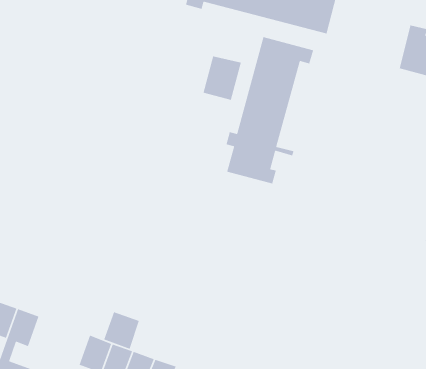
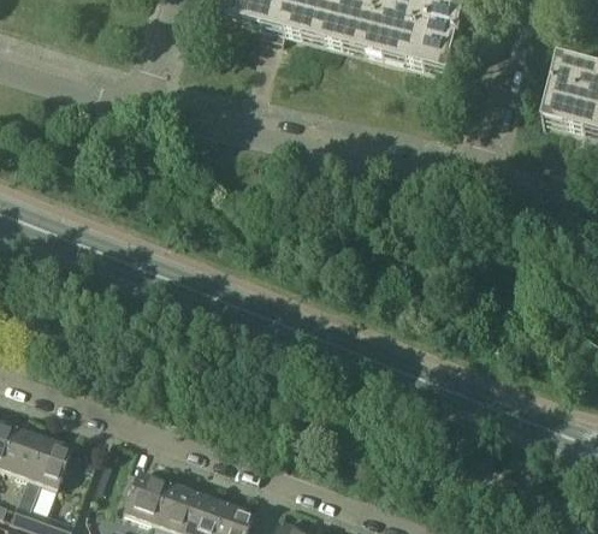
building: [225,36,314,184] -> none
building: [203,56,242,101] -> none
building: [103,311,140,350] -> none

